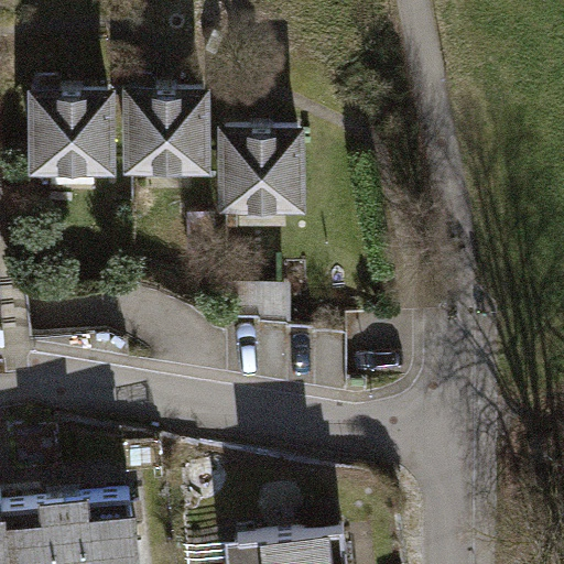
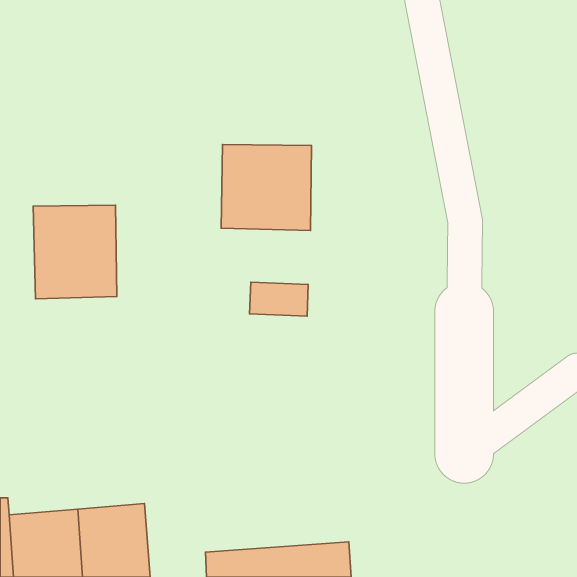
building: [26,94,108,185] -> [33,205,117,299]
building: [121,95,199,175] -> none

